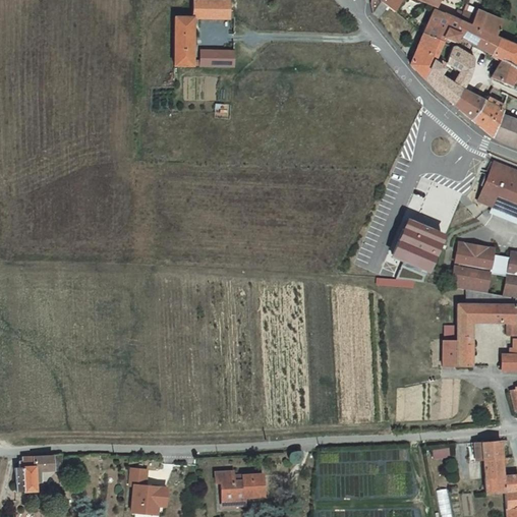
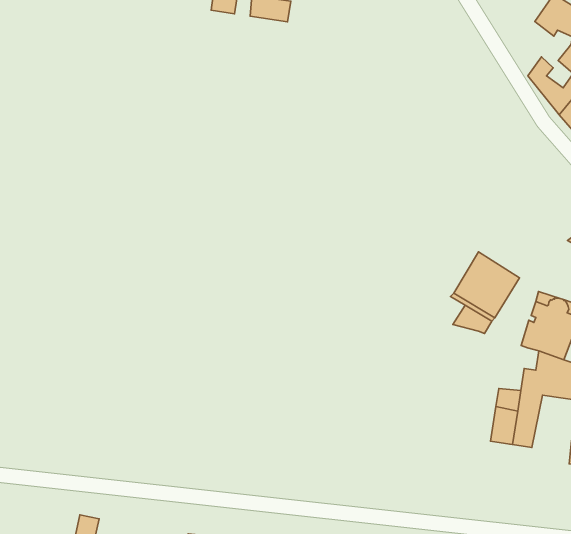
building: [412,35,442,77] -> none

